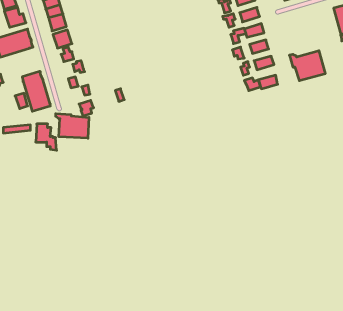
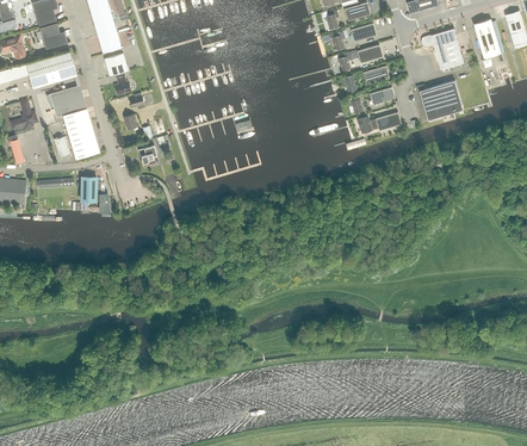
building: none -> [422,27,465,69]
building: none -> [47,85,86,117]
building: [56,114,89,138] -> none

